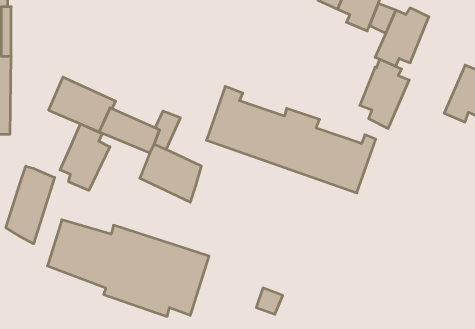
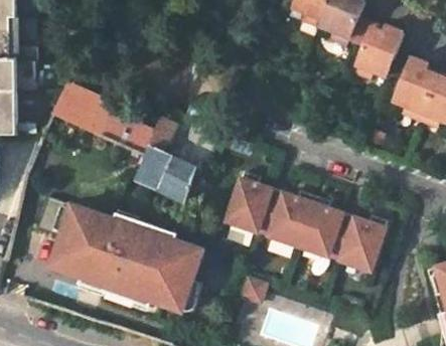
building: [360,59,409,128] -> [389,57,434,121]
building: [206,86,376,193] -> [229,169,384,267]
building: [60,124,110,190] -> none
building: [6,166,55,244] -> none

